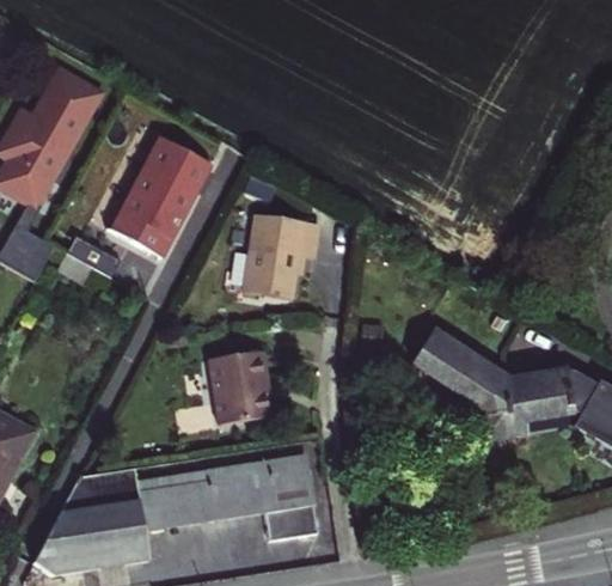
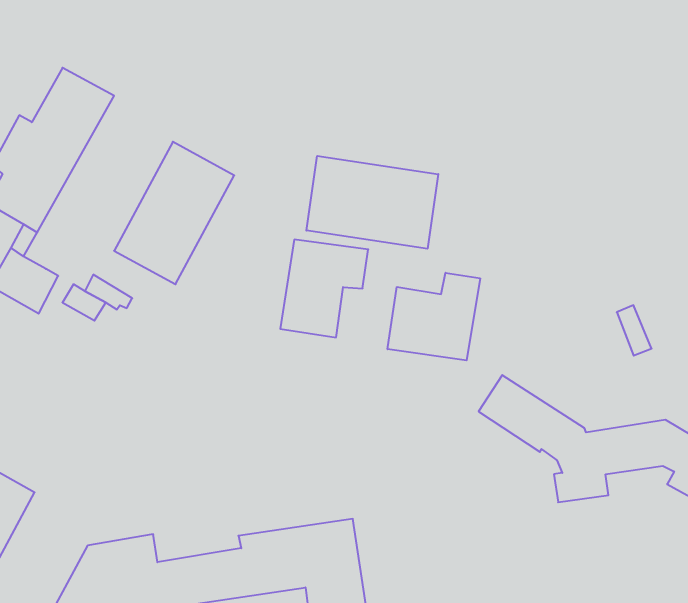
building: none -> [306,156,438,249]
building: none -> [388,273,480,360]
building: [210,352,270,425] -> none

